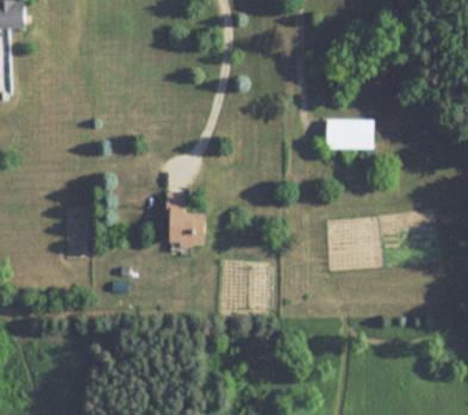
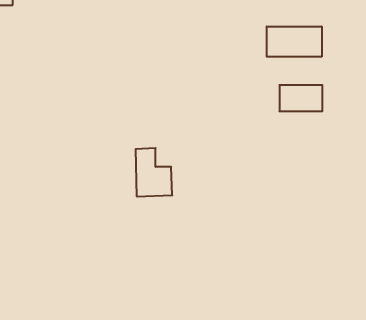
building: none -> [267,26,322,57]

